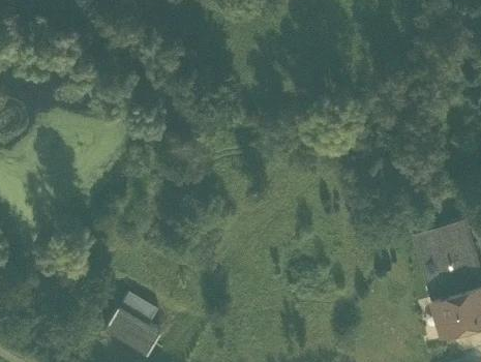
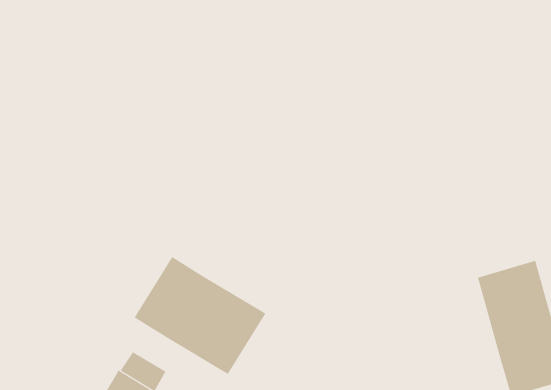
building: none -> [134,256,266,375]

